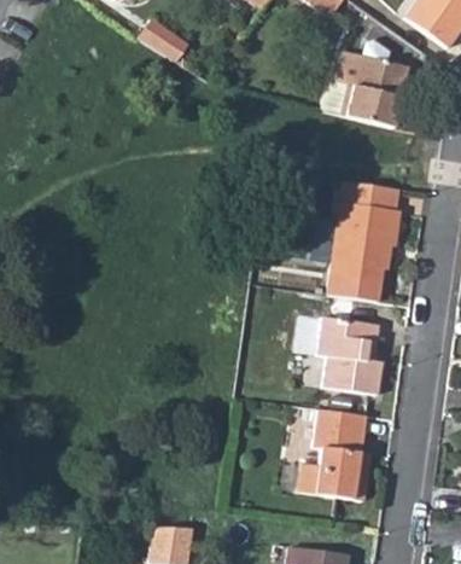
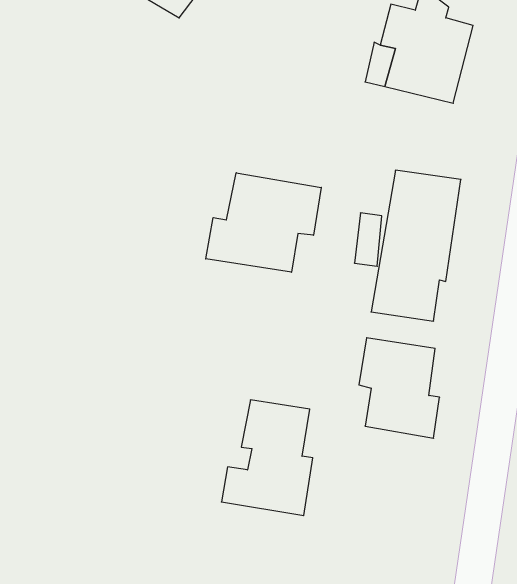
building: none -> [206,173,321,272]
building: [296,407,368,499] -> [221,400,313,516]

